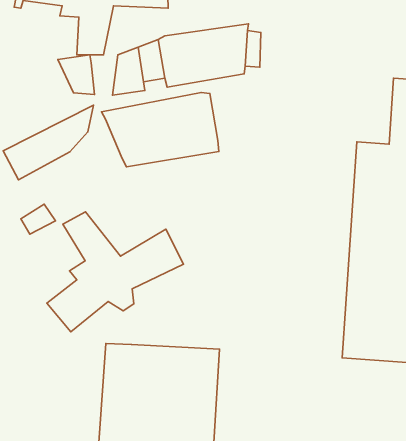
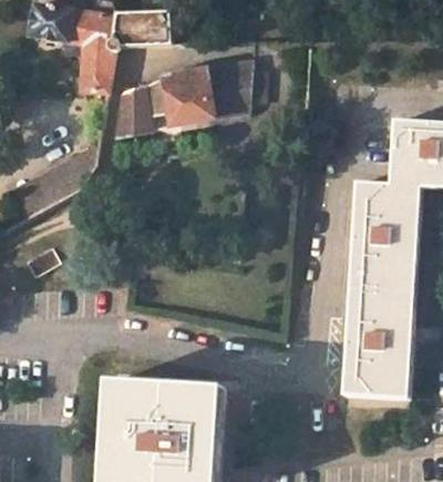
building: [58,55,95,95] -> none
building: [102,92,219,167] -> none
building: [47,212,184,332] -> none

